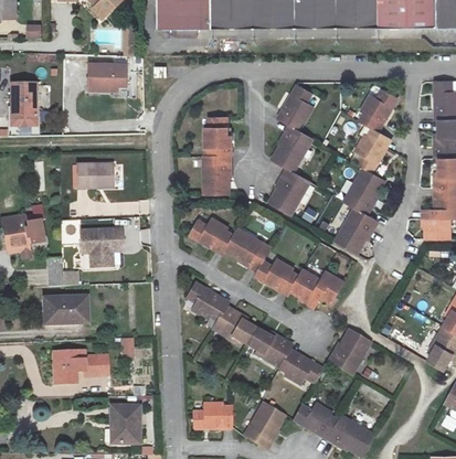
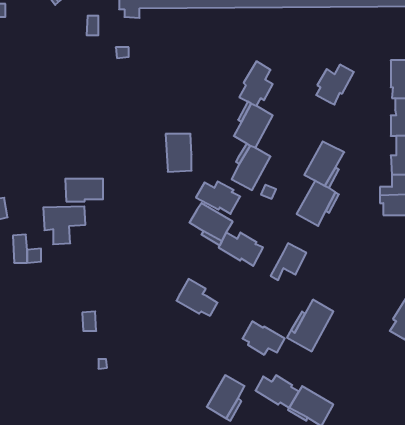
building: [85,62,126,92] -> none
building: [205,116,233,156] -> none
building: [354,124,388,168] -> none
building: [75,167,114,190] -> [65,179,103,201]
building: [190,217,235,250] -> [196,181,240,214]
building: [294,266,324,300] -> none
building: [187,281,227,319] -> none
building: [42,298,87,325] -> none
building: [248,328,294,364] -> none
building: [52,353,105,386] -> none
building: [190,402,231,427] -> none
building: [108,405,137,442] -> none

